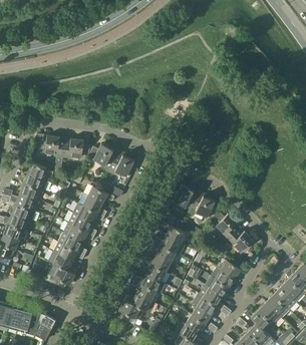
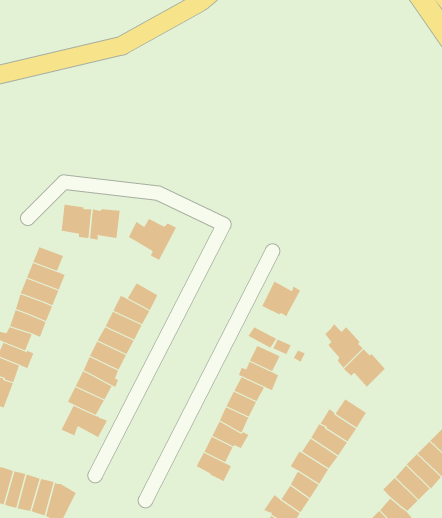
building: [108,151,134,178] -> none
building: [188,192,217,219] -> none
building: [119,300,143,326] -> none

